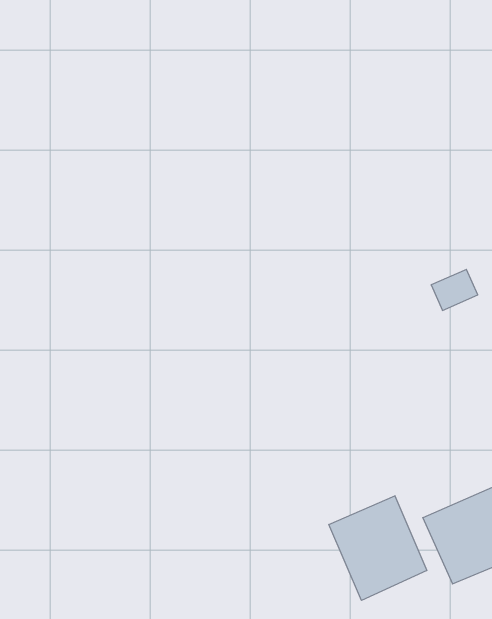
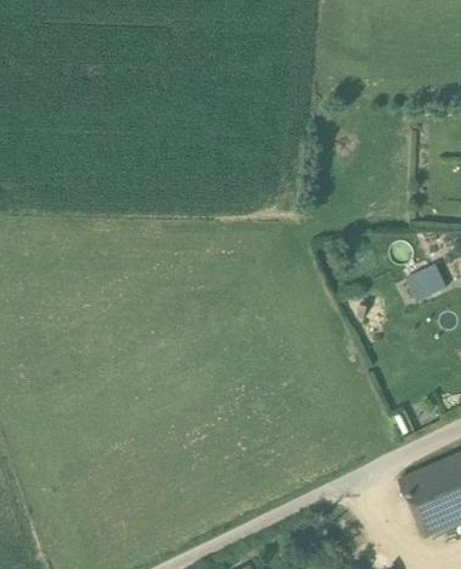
building: [329,496,427,600] -> none

